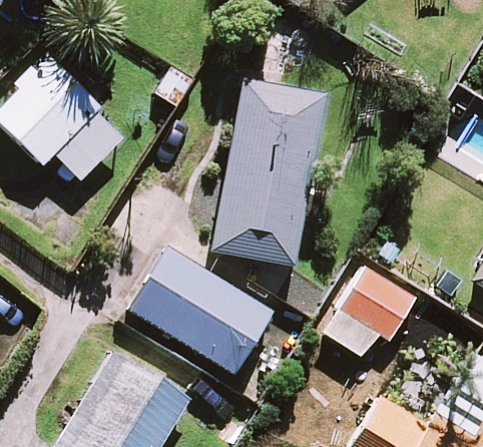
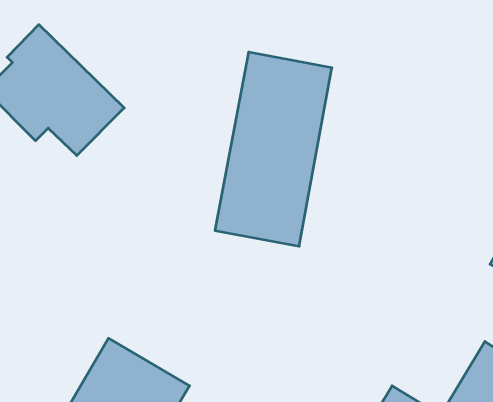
building: [129,248,271,374] -> none
building: [325,267,416,357] -> none

